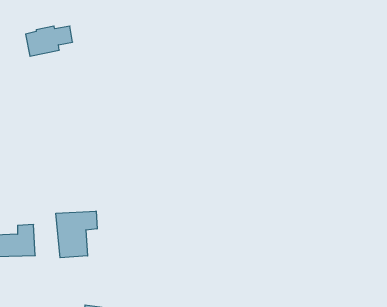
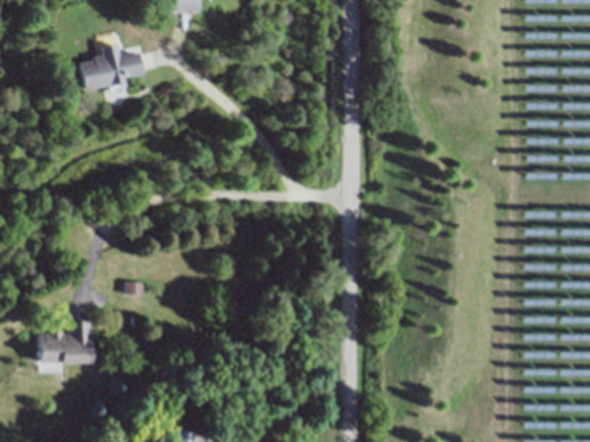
building: [56,211,97,258] -> none

